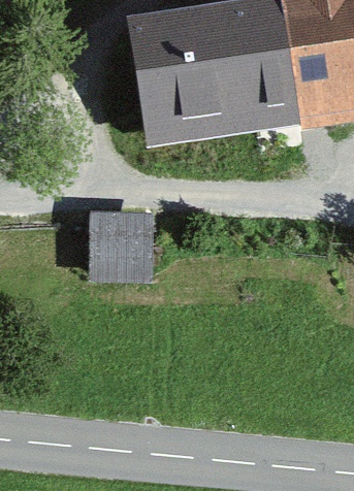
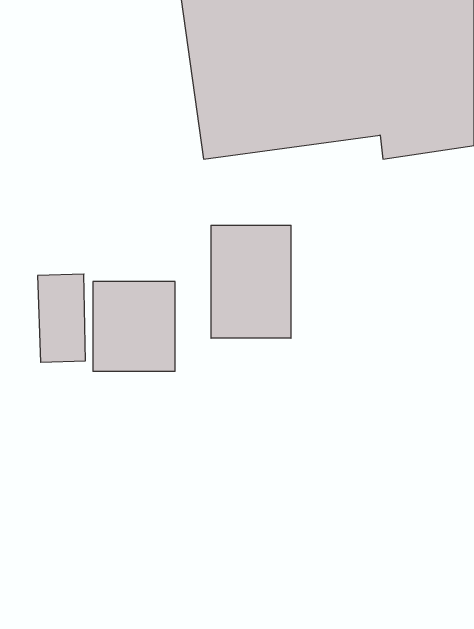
building: none -> [211,225,291,338]

